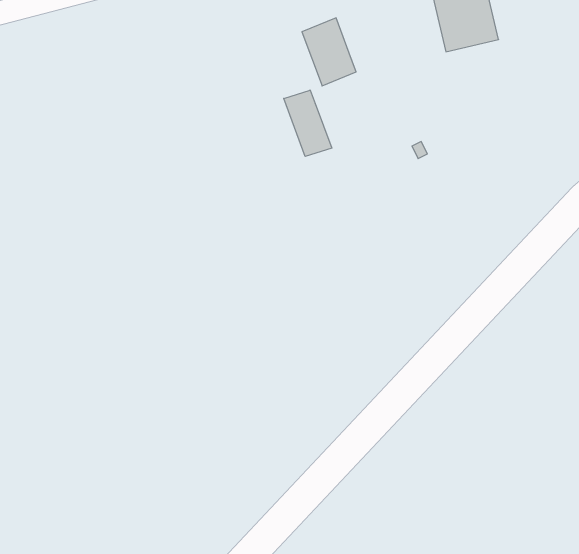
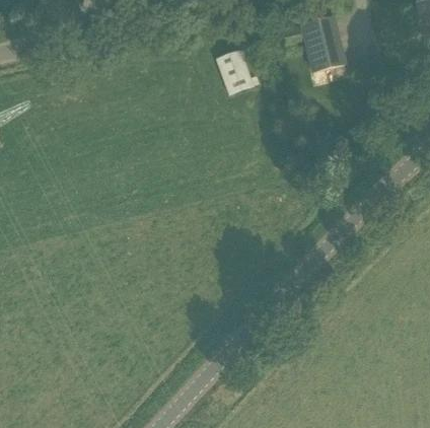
building: [284,90,332,156] -> none

